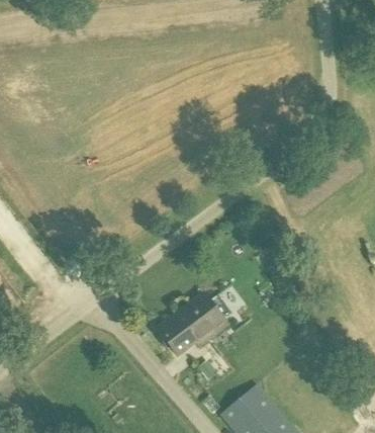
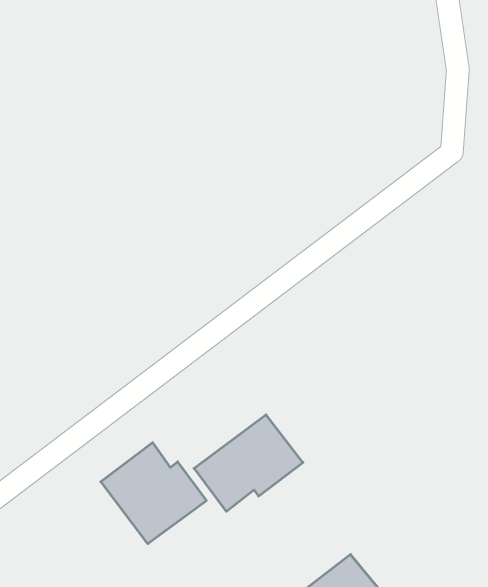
building: none -> [101,443,206,544]

